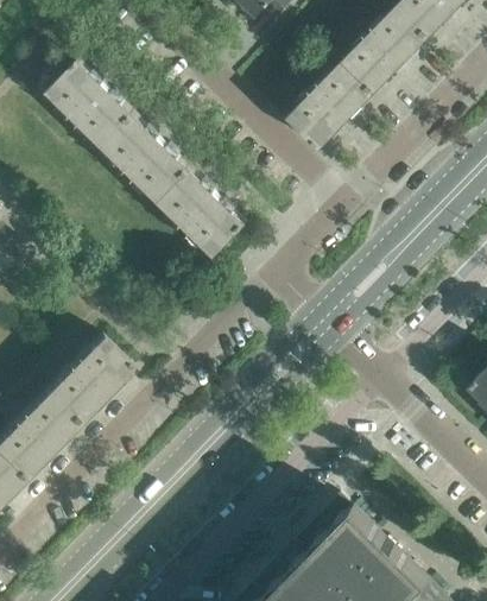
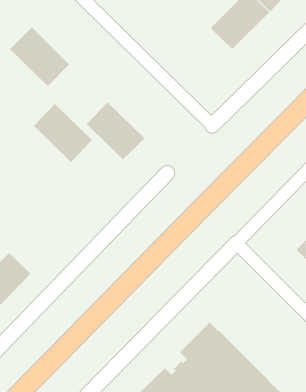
building: [285,62,373,151] -> none
building: [101,115,189,203] -> [33,103,93,163]
building: [44,336,131,424] -> none

